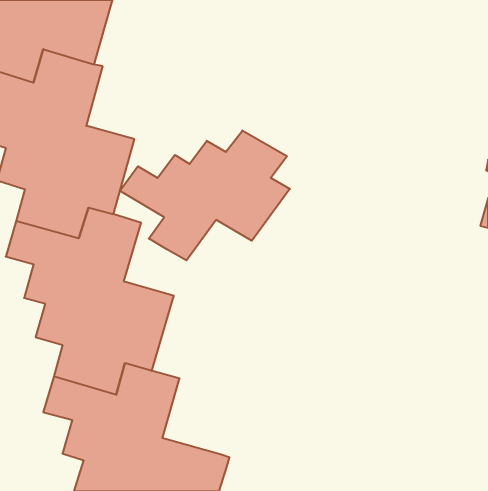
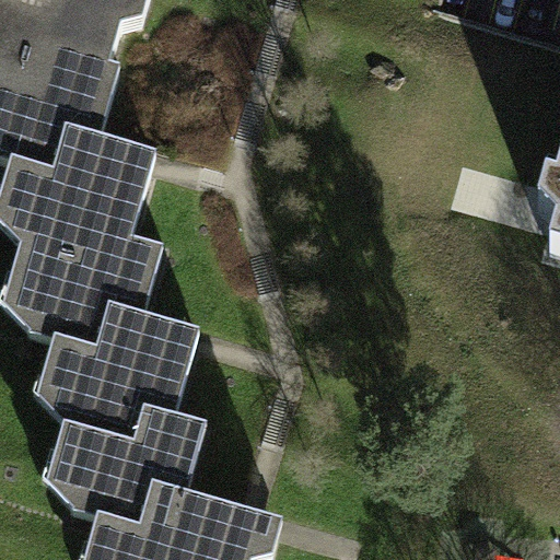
building: [120,130,290,260] -> none

